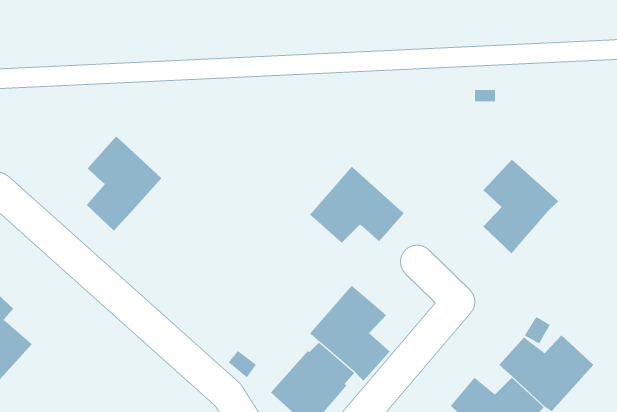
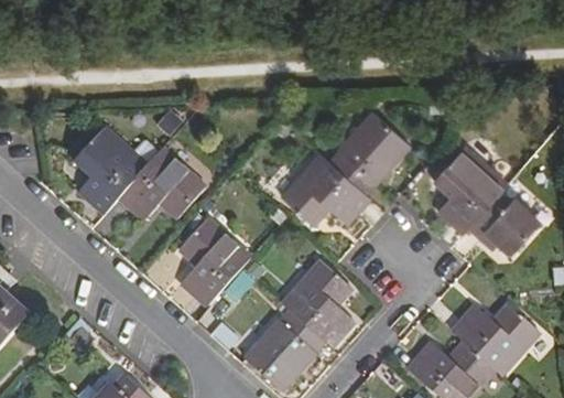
building: none -> [329,111,410,193]
building: none -> [119,148,206,218]
building: none -> [470,193,541,255]
building: none -> [178,218,251,305]

